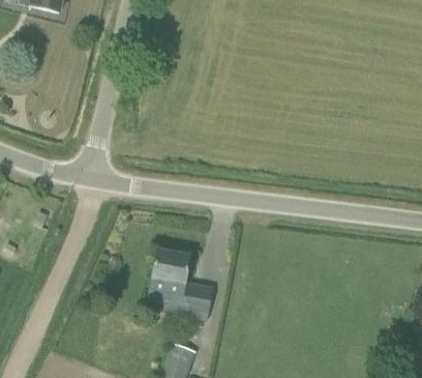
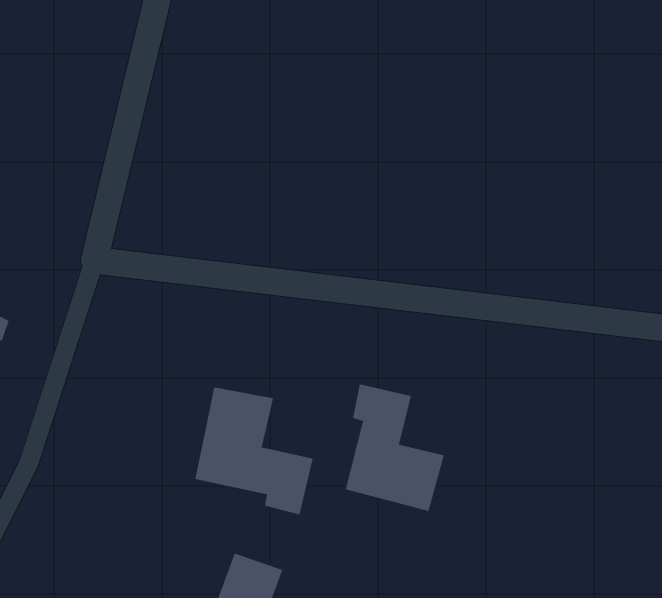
building: none -> [345,383,445,512]

